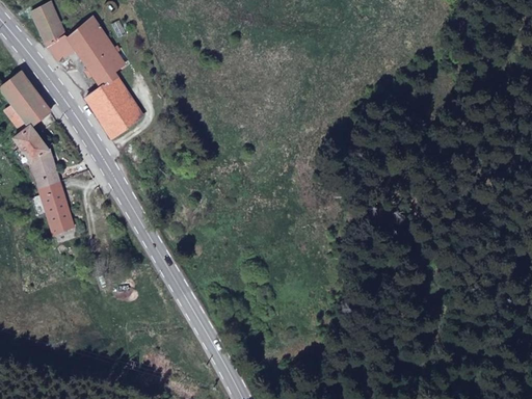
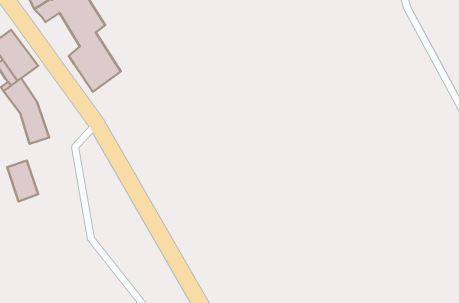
building: [41,190,75,236] -> [7,161,38,202]

